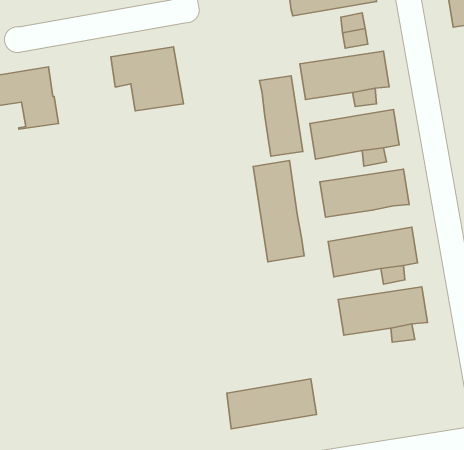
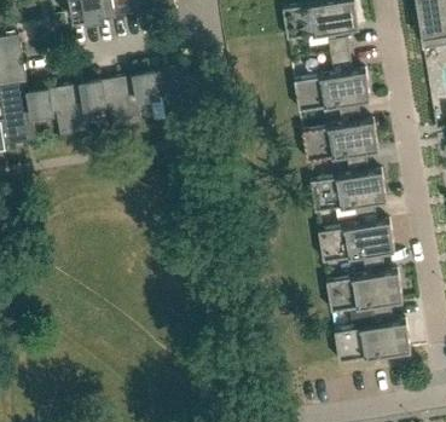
building: none -> [80,75,141,128]
building: [259,76,303,156] -> none
building: [253,160,304,262] -> none
building: [227,379,316,429] -> [335,320,411,363]

